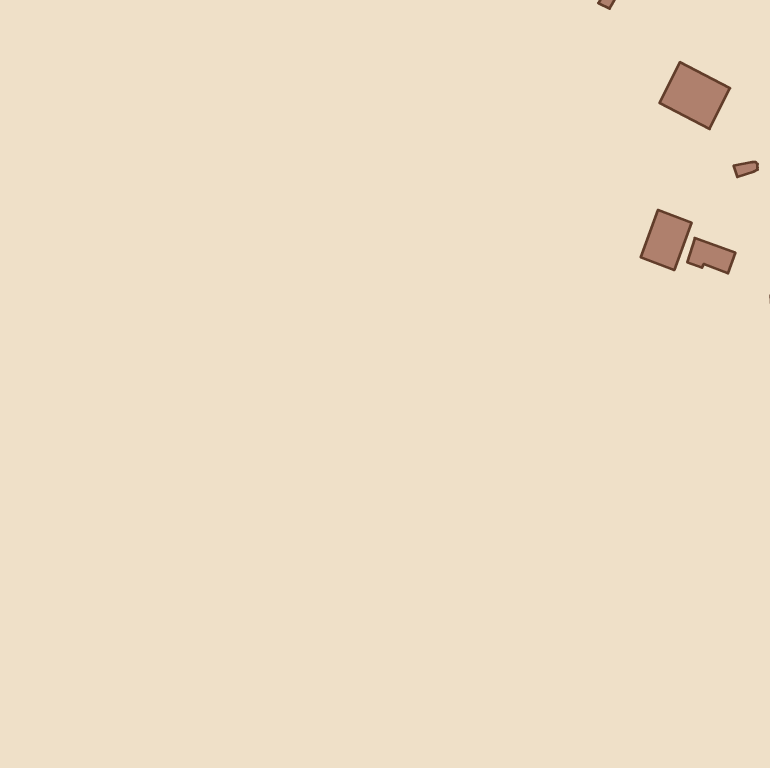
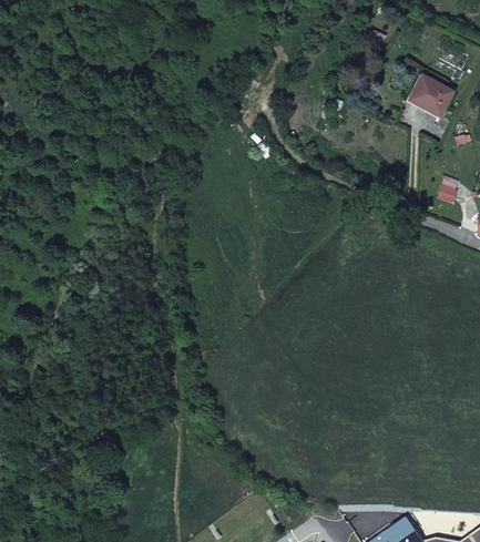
building: [641,210,691,270] -> none

